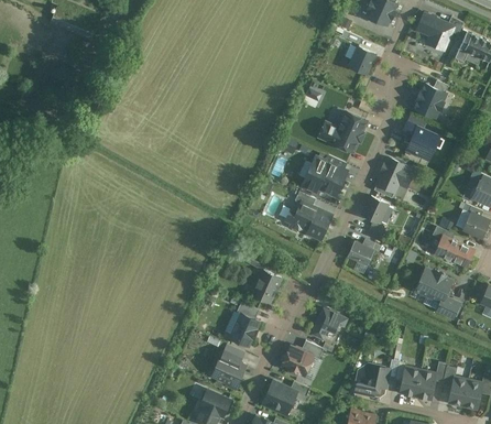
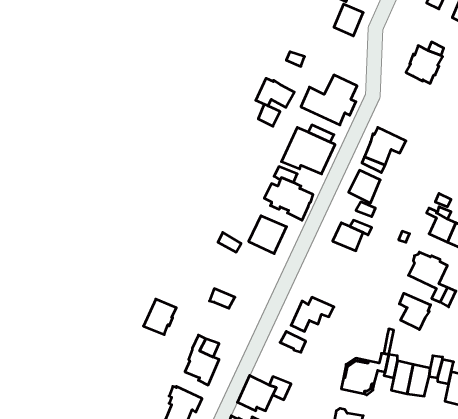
building: none -> [256,78,294,107]
building: [402,121,443,162] -> none
building: [250,272,284,306] -> [249,216,287,254]
building: none -> [399,293,431,330]
building: [229,315,259,347] -> [143,299,176,335]
building: [281,347,312,377] -> none

